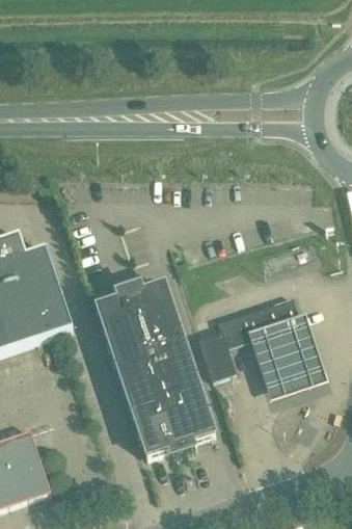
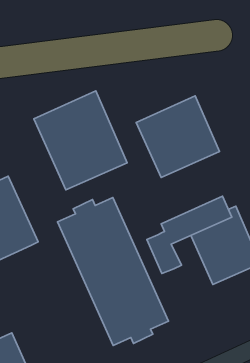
building: none -> [34,91,127,190]
building: none -> [136,96,219,177]

